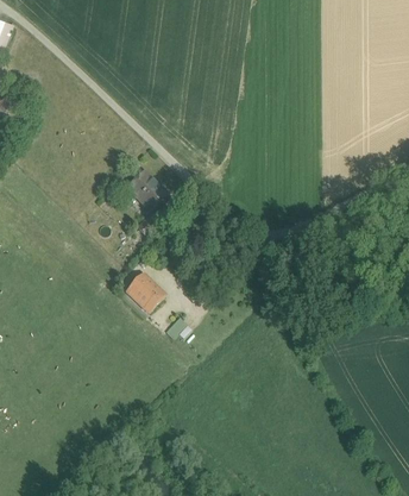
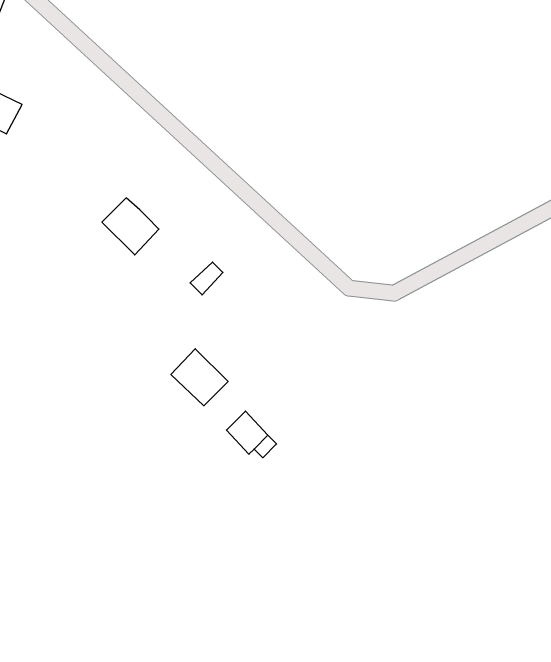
building: [127,172,166,212] -> [102,198,159,255]

